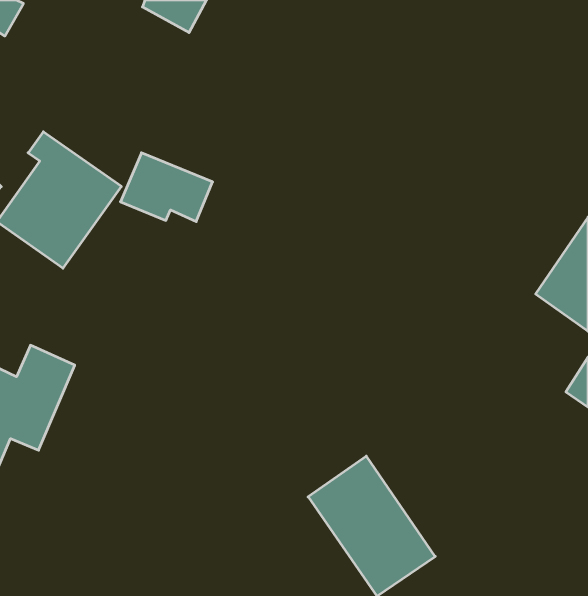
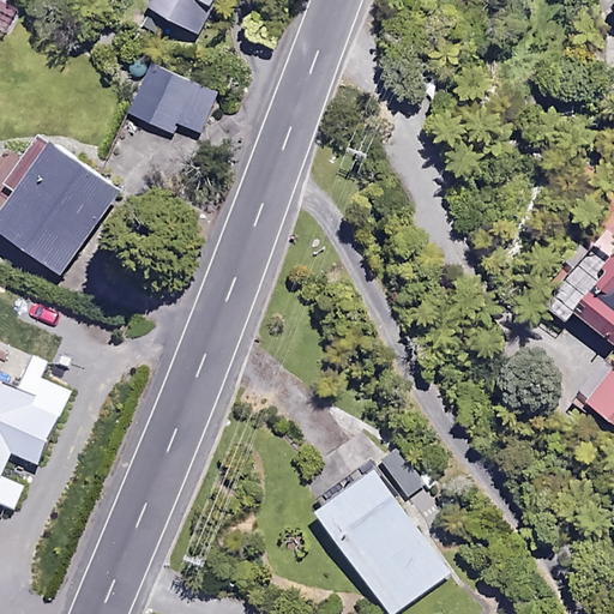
building: [120,153,213,222] -> [120,61,215,132]

